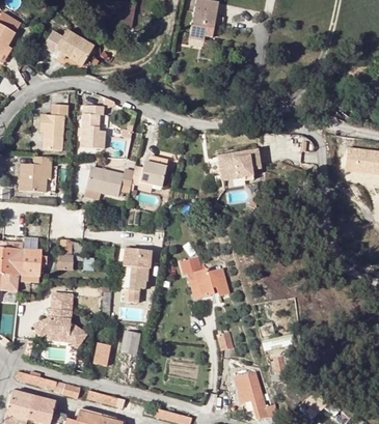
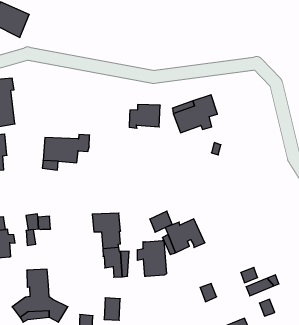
building: [81,105,106,147] -> none
building: [132,162,165,187] -> [129,105,160,128]
building: none -> [137,240,167,276]

